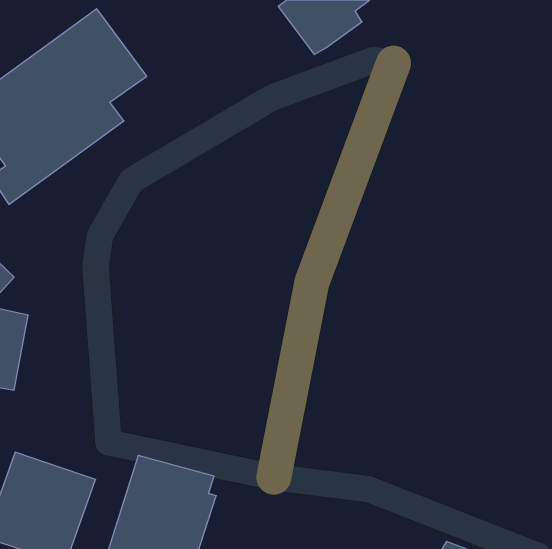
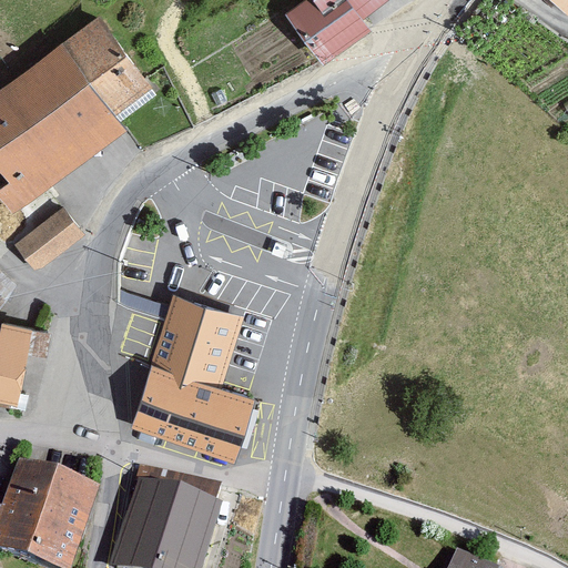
building: none -> [13,210,84,276]
building: none -> [129,295,252,463]

